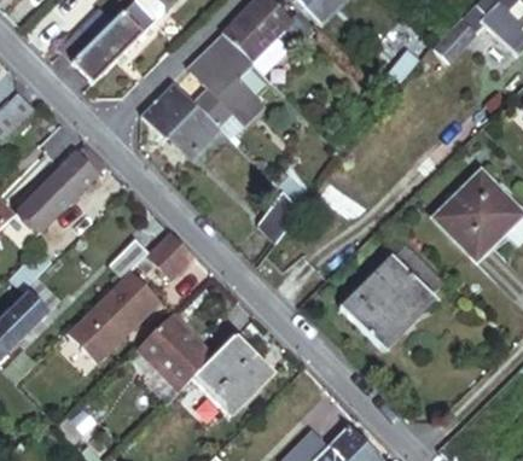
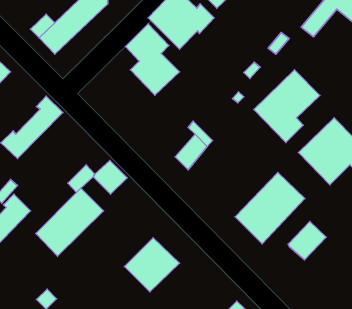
building: [141,83,219,157] -> none
building: none -> [254,70,320,142]
building: [134,314,211,391] -> none
building: none -> [288,222,326,260]

